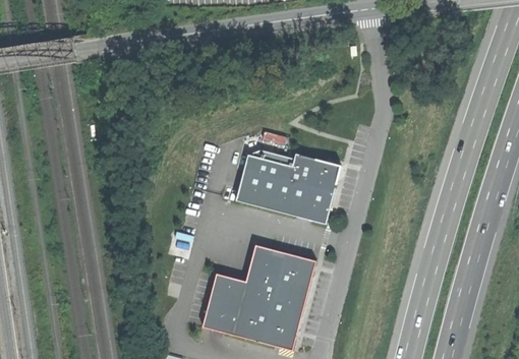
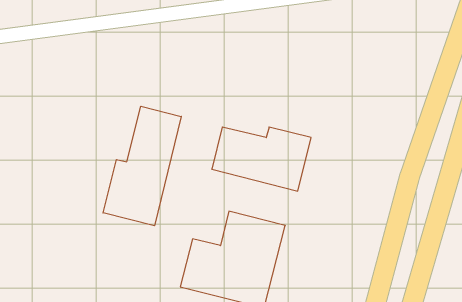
building: none -> [103,106,181,226]

